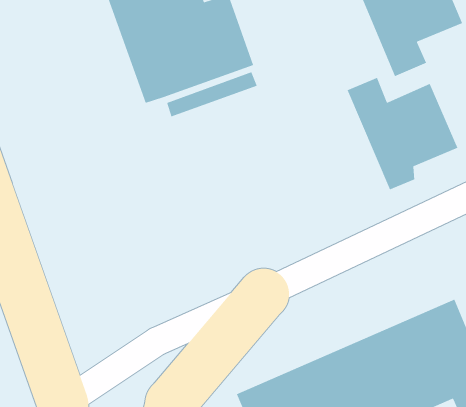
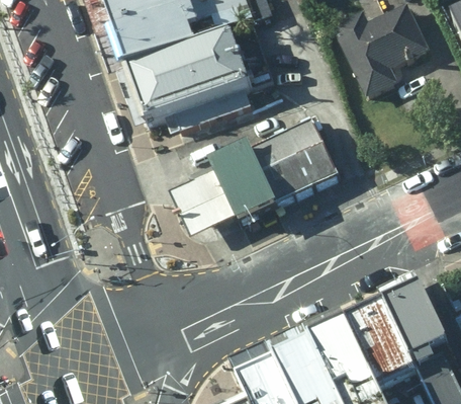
building: [346,77,458,190] -> none
building: none -> [168,109,336,238]

